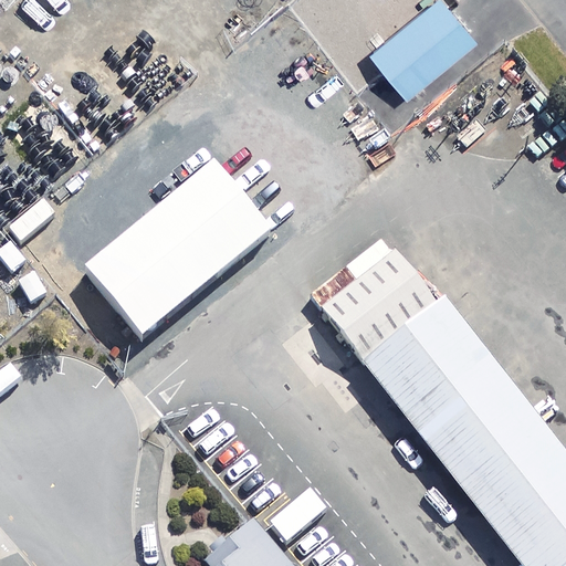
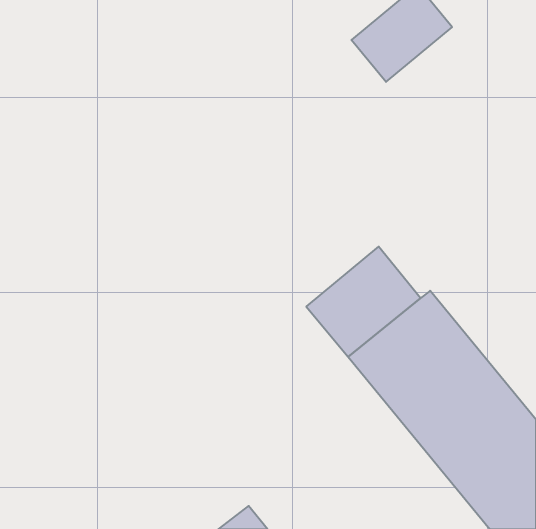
building: [88,159,274,334] -> none

